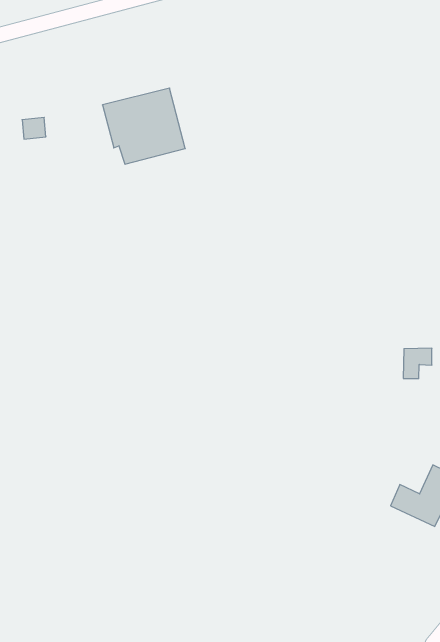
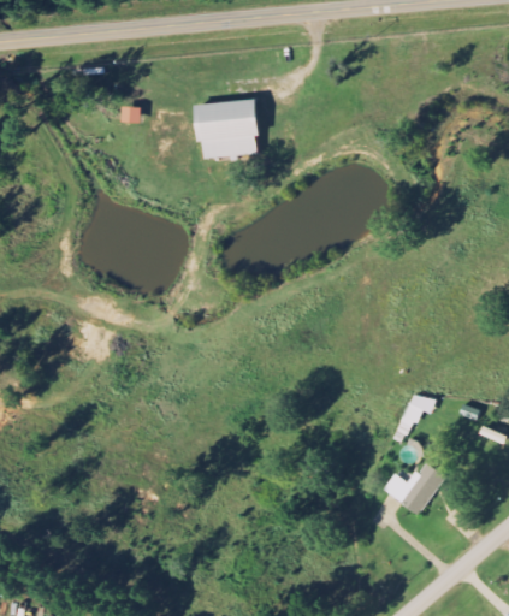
building: [403,348,432,379] -> [407,395,436,422]

